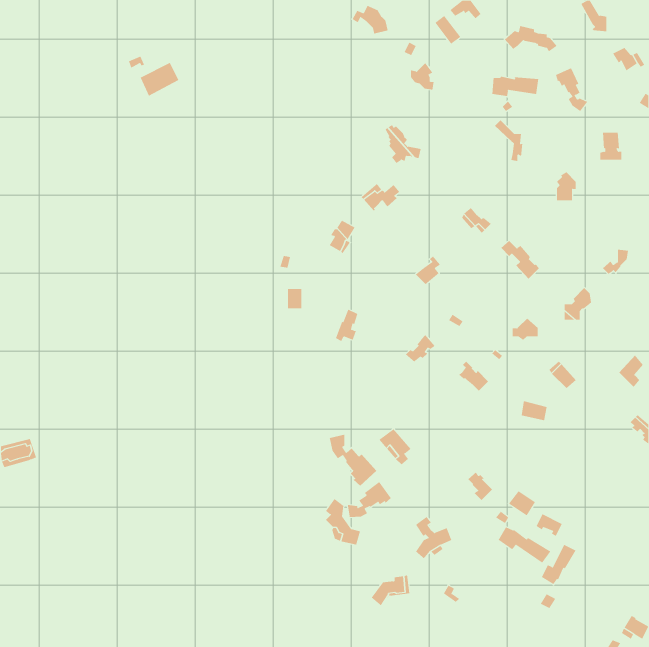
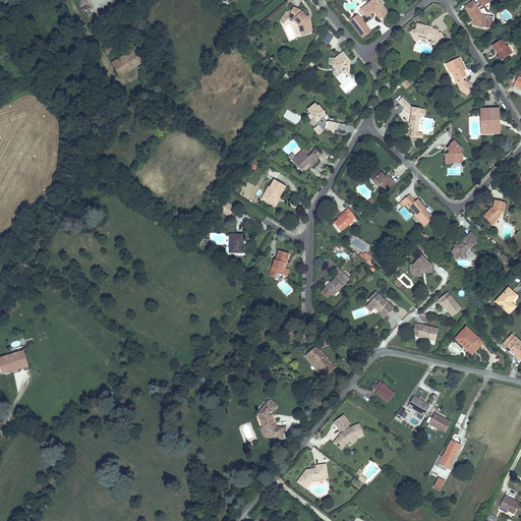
building: [492,76,539,97] -> none
building: none -> [455,326,483,352]
building: [329,434,377,486] -> none
building: [347,481,391,518] -> none
building: [498,526,551,564] -> none

